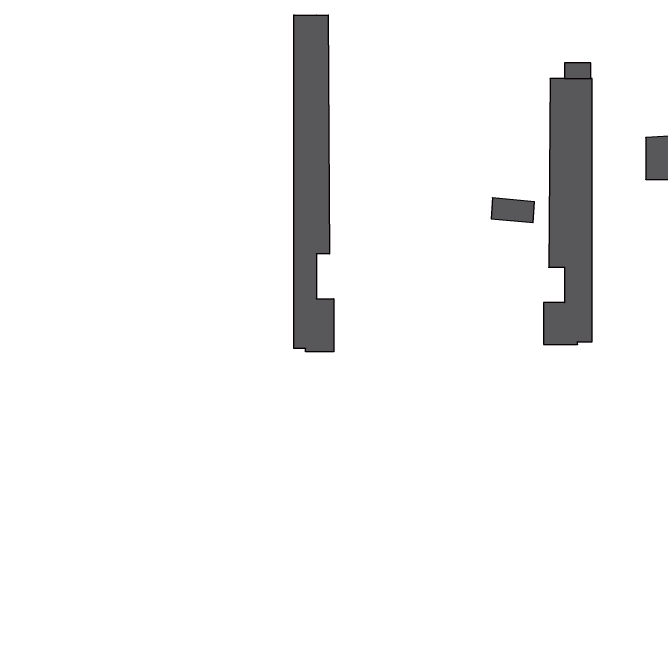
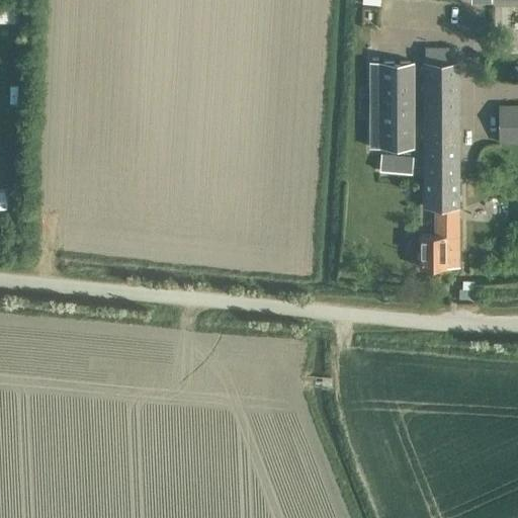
building: [294,15,334,352] -> none
building: none -> [380,65,414,151]

